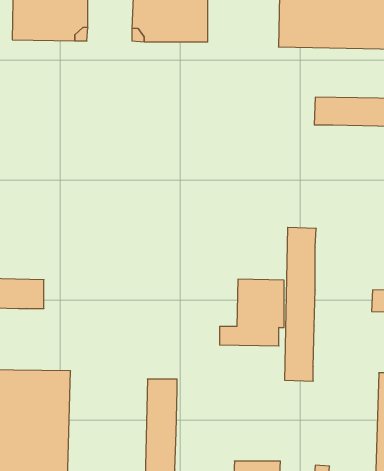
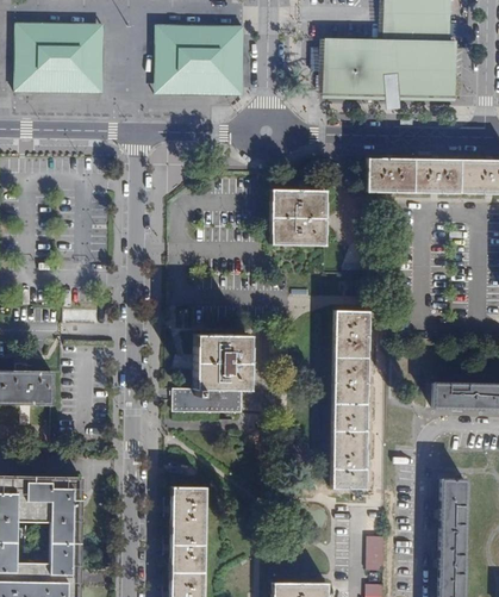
building: none -> [273,189,328,245]
building: [220,279,284,346] -> [175,334,250,411]
building: none -> [368,540,386,572]

